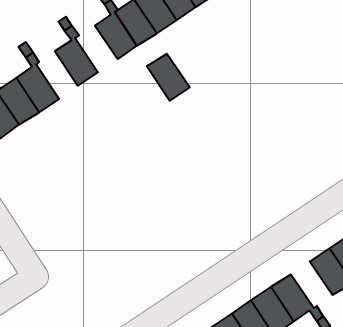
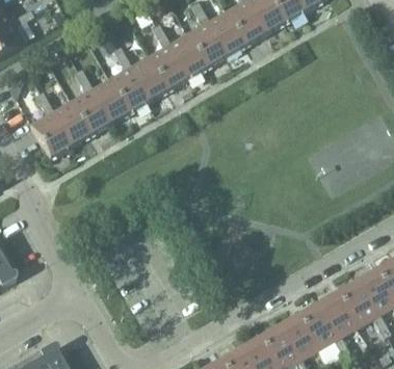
building: none -> [88,78,127,124]
building: [147,54,190,101] -> [127,56,166,101]
building: none -> [317,293,356,338]

